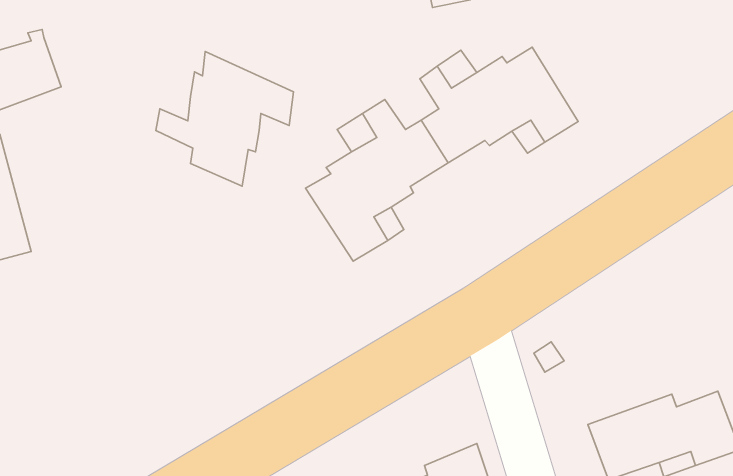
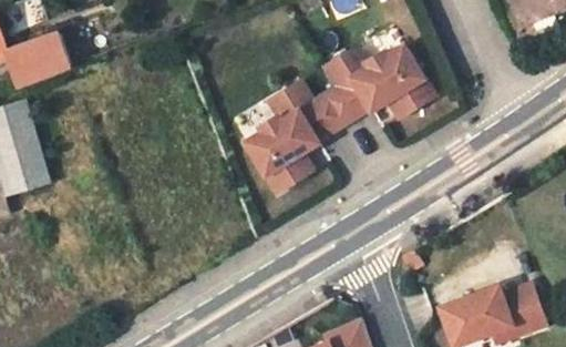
building: [156,51,294,186] -> none

